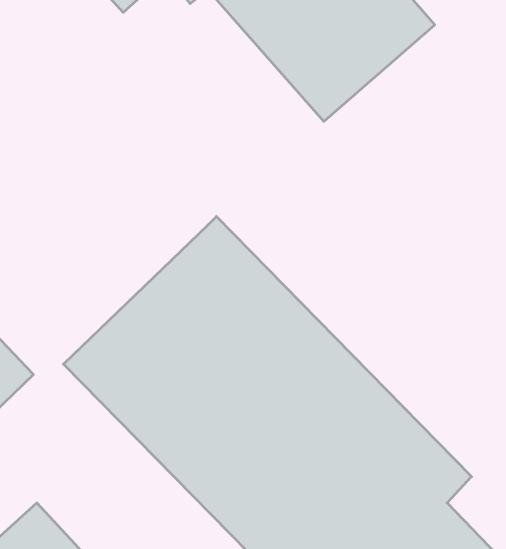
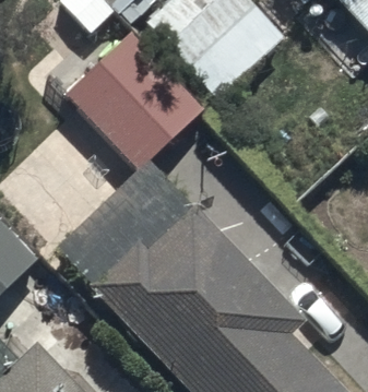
building: none -> [73,35,202,166]

